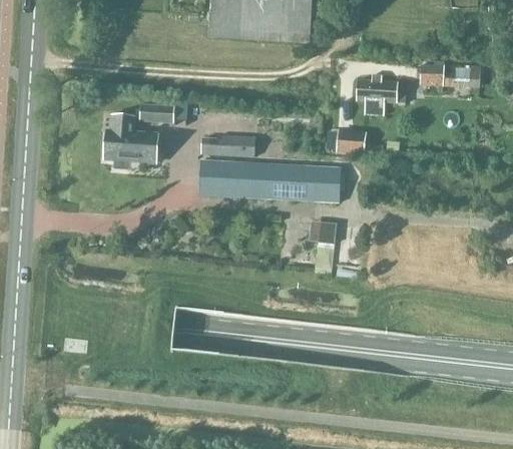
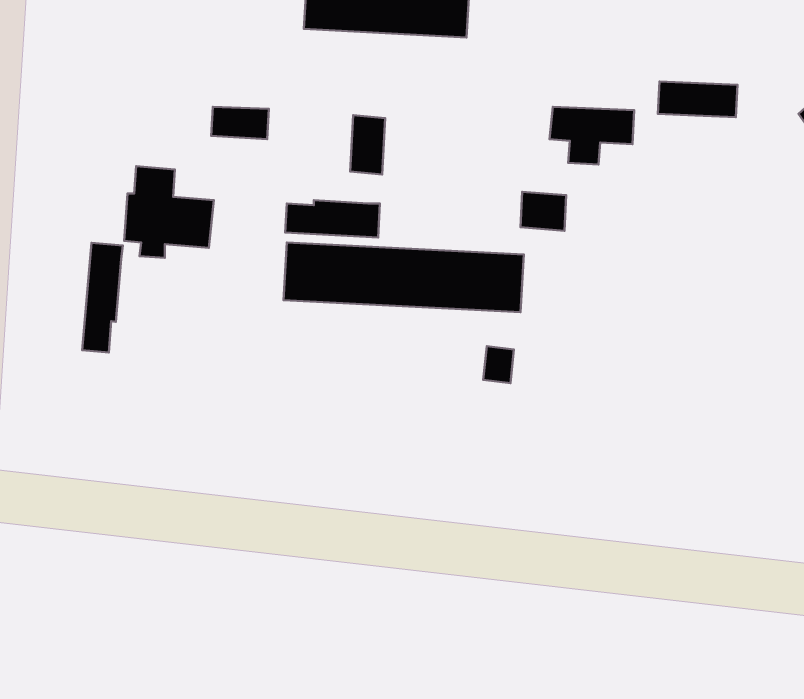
building: none -> [350,115,385,175]
building: [138,105,172,124] -> [211,107,269,139]
building: none -> [82,243,123,352]

